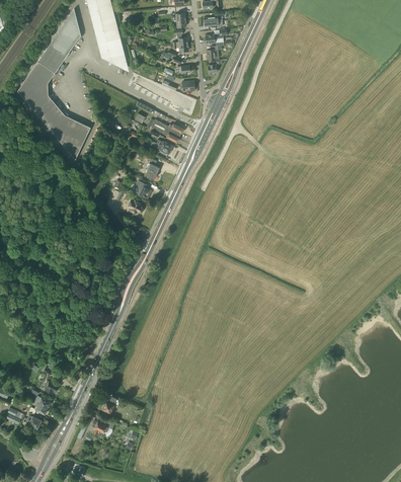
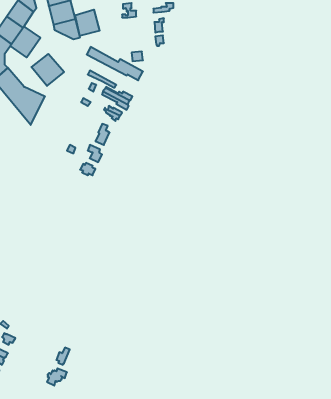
building: none -> [75,10,100,36]
building: none -> [10,27,40,57]
building: none -> [31,54,64,86]

